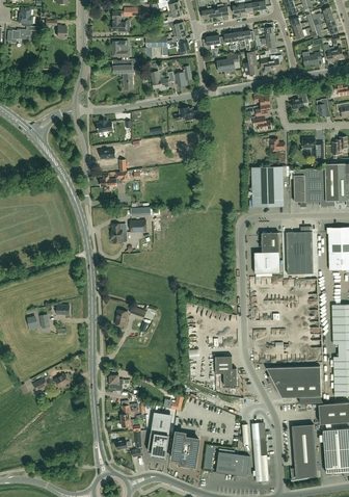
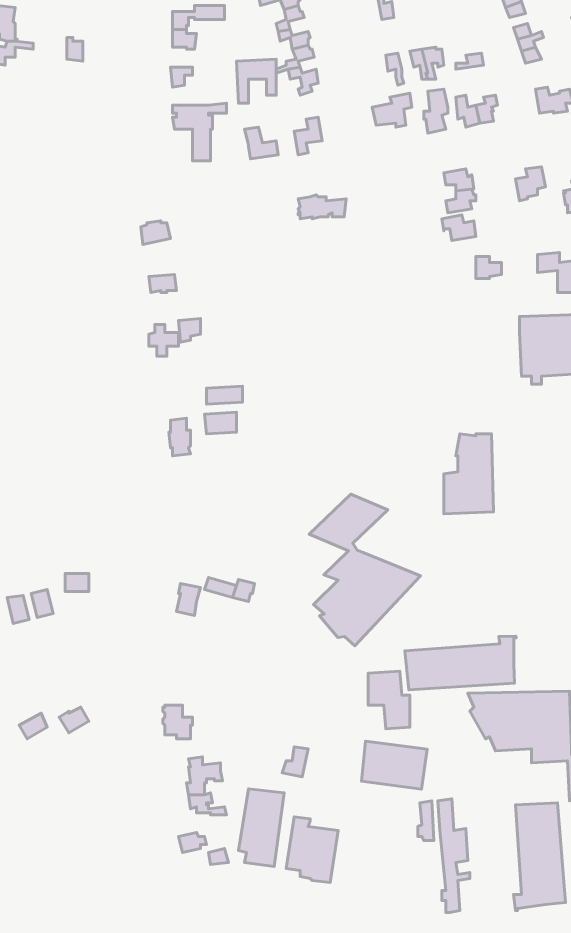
building: [251,166,284,207] -> none
building: [287,226,314,274] -> none
building: none -> [309,494,421,646]
building: none -> [405,636,516,690]
building: [216,451,250,476] -> [362,741,427,789]

